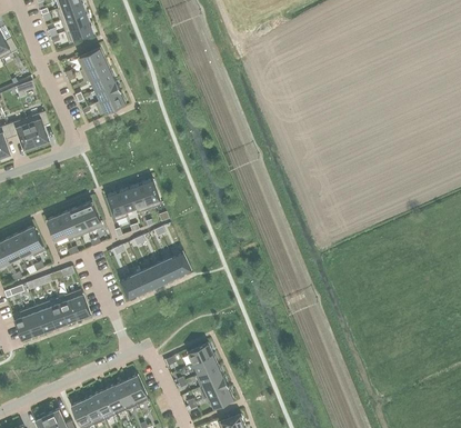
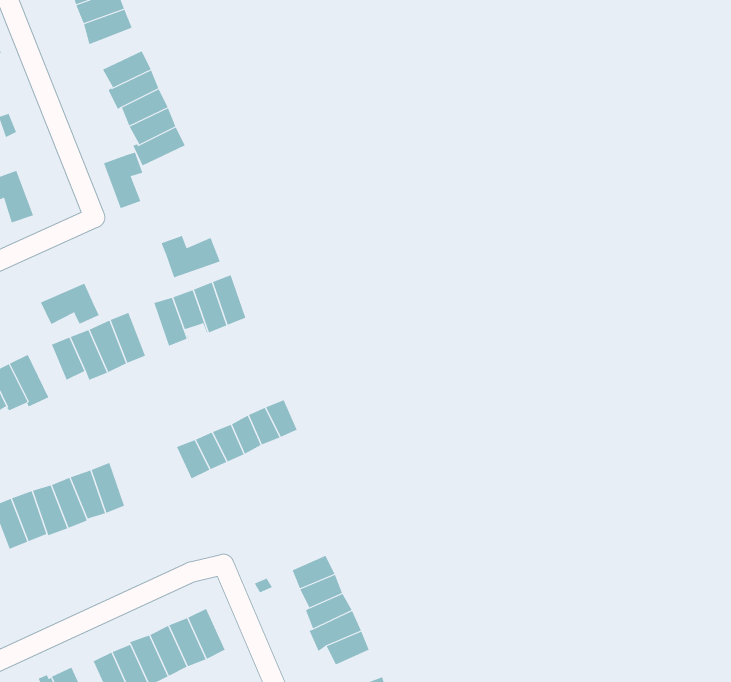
building: [27,111,50,145] -> [103,152,143,209]
building: none -> [161,235,220,278]
building: none -> [40,283,100,325]

